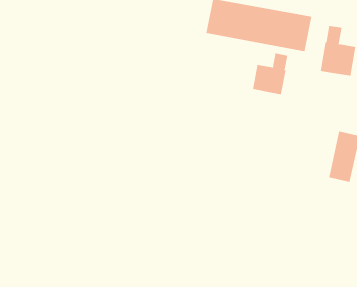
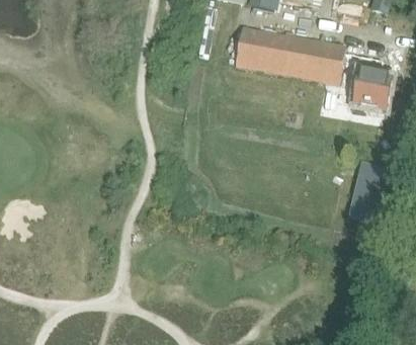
building: [252,52,288,95] -> none

